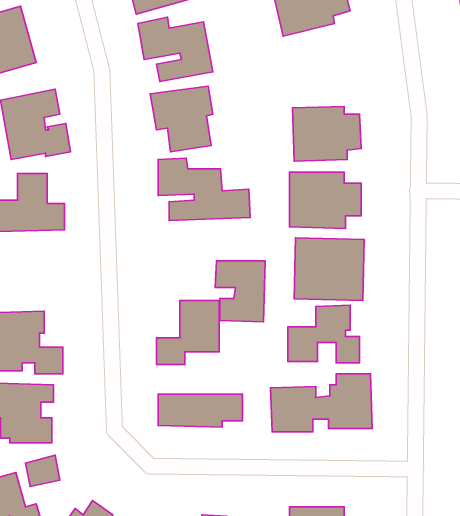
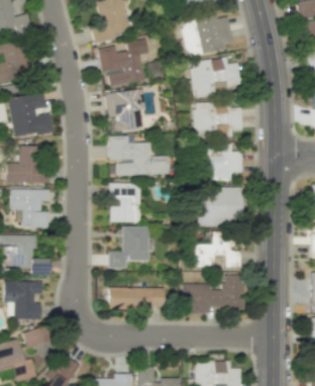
building: none -> [191,58,240,97]
building: none -> [12,189,50,227]
building: [215,261,265,322] -> [108,183,140,222]

